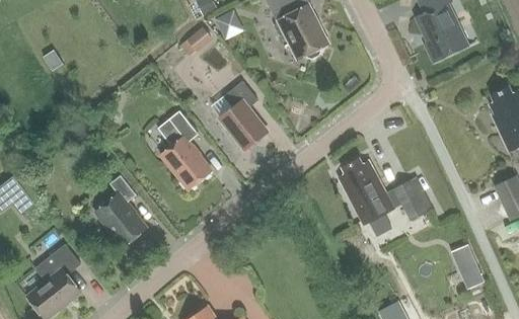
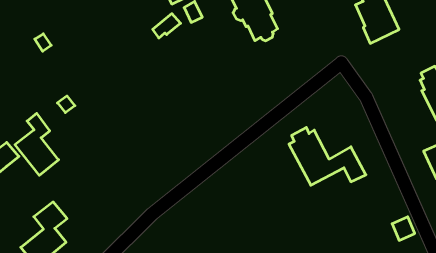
building: [220,80,267,149] -> none
building: [157,109,212,188] -> none
building: [95,174,146,246] -> [15,113,59,175]

